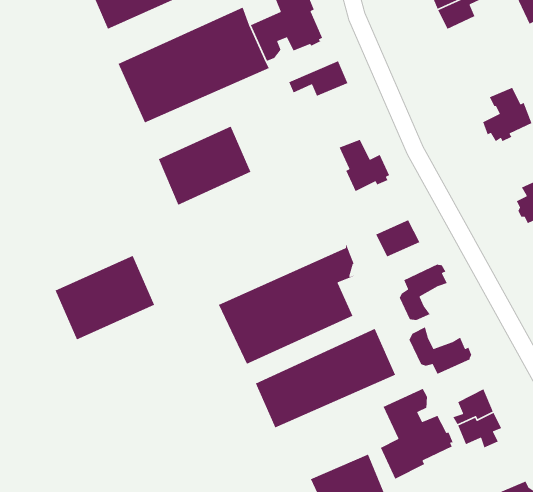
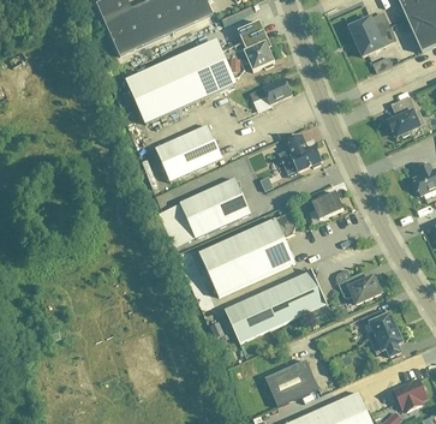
building: [55,255,155,340] -> [179,177,251,238]
building: [399,263,448,321] -> none
building: [380,388,454,480] -> none

